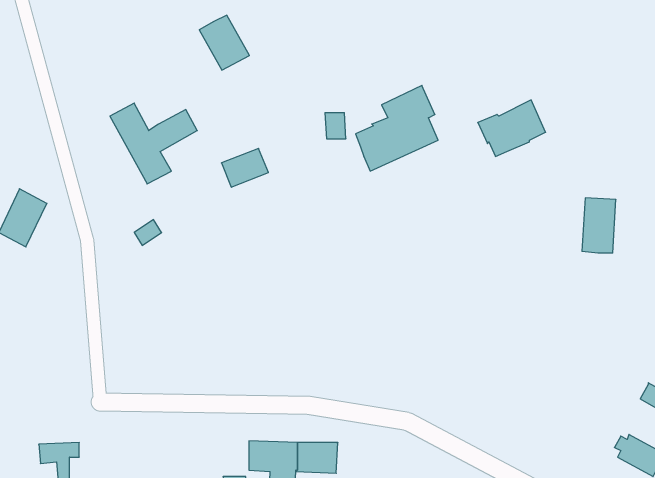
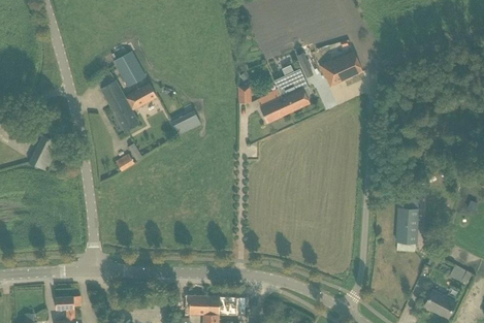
building: [199,15,249,70] -> [114,52,146,87]
building: [478,100,546,156] -> [319,51,362,87]
building: [582,198,616,253] -> [396,207,418,243]

